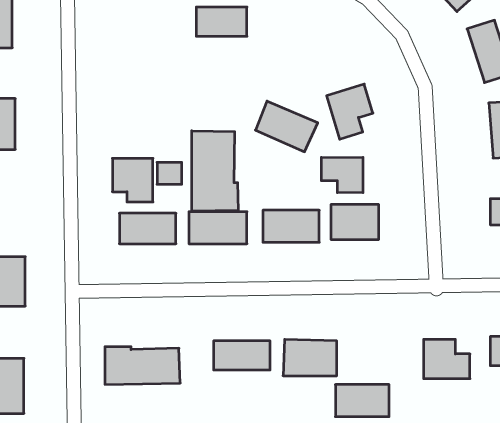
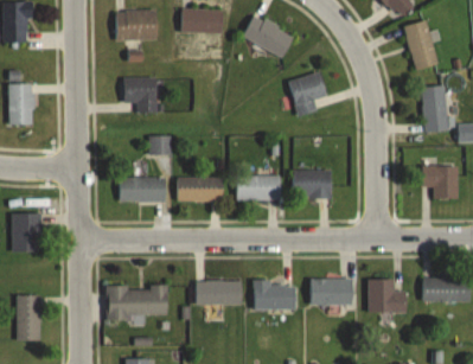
building: none -> [116,9,158,38]
building: [255,101,318,152] -> [243,14,294,56]
building: [192,131,238,211] -> none
building: [321,157,363,193] -> none
building: [112,158,153,202] -> [123,76,156,111]
building: [335,385,389,417] -> [309,279,353,305]

